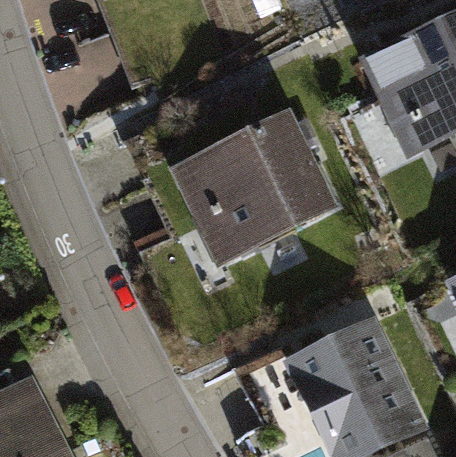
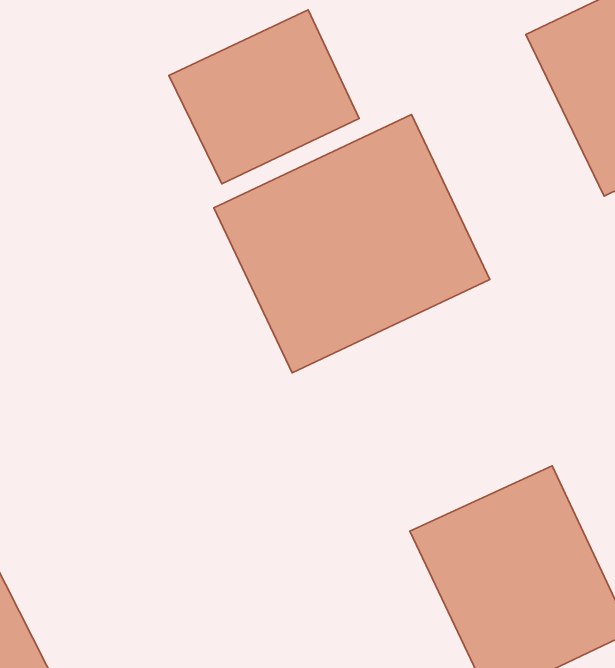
building: none -> [169,10,359,184]

